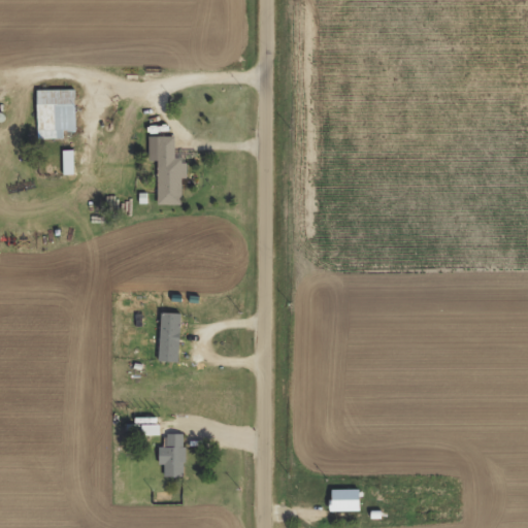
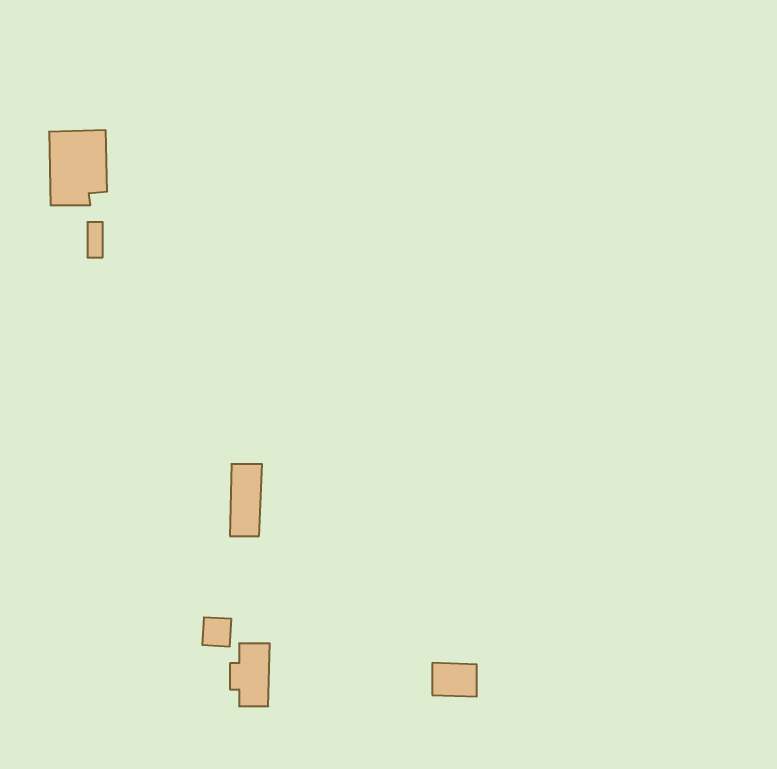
building: [148,135,187,204] -> none
building: [329,488,359,510] -> [432,663,477,697]

